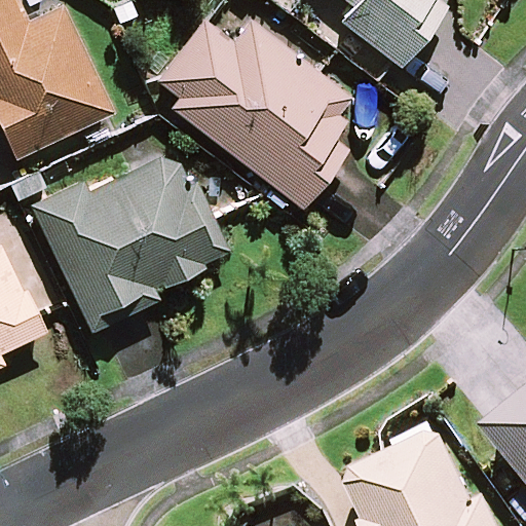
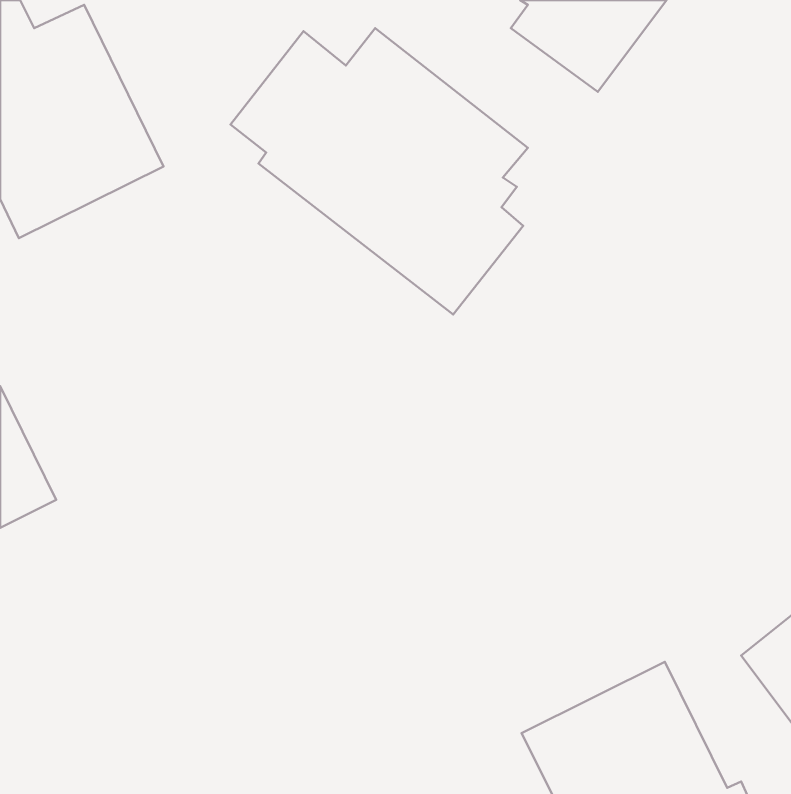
building: [31,147,228,330] -> none

